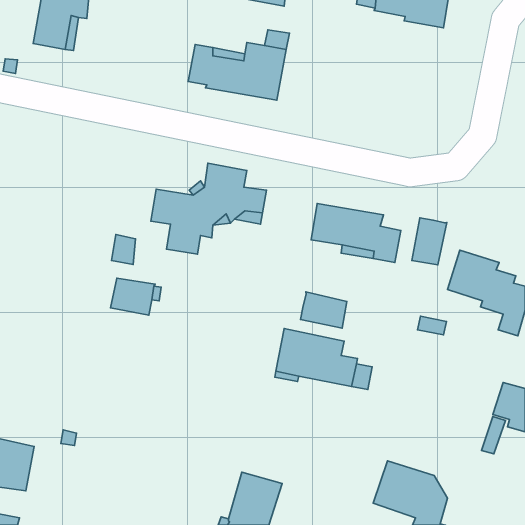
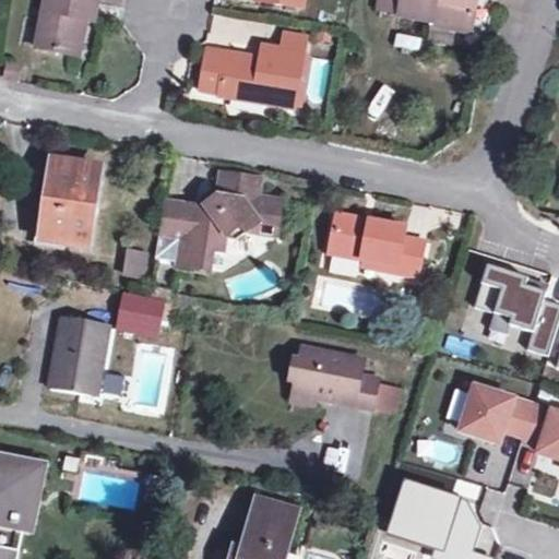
building: none -> [43,160,99,245]
building: [412,218,447,265] -> none
building: [301,292,347,328] -> none
building: none -> [50,316,109,395]
building: none -> [457,384,532,441]

